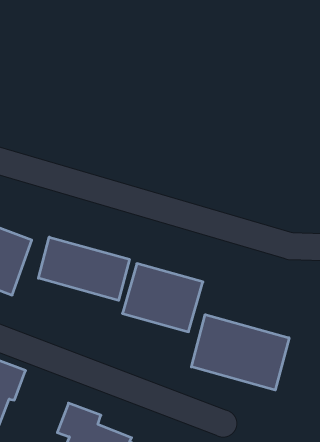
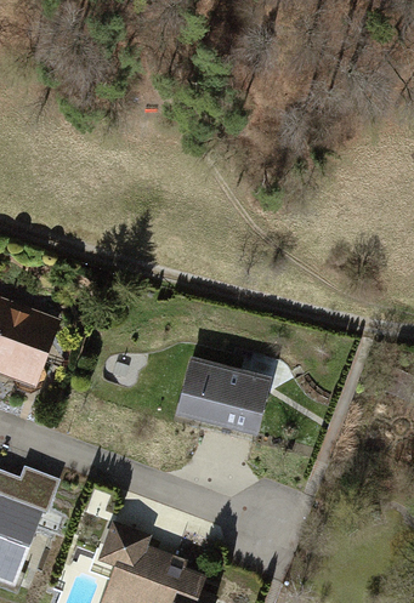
building: [38,237,129,300] -> none
building: [191,315,289,390] -> none

